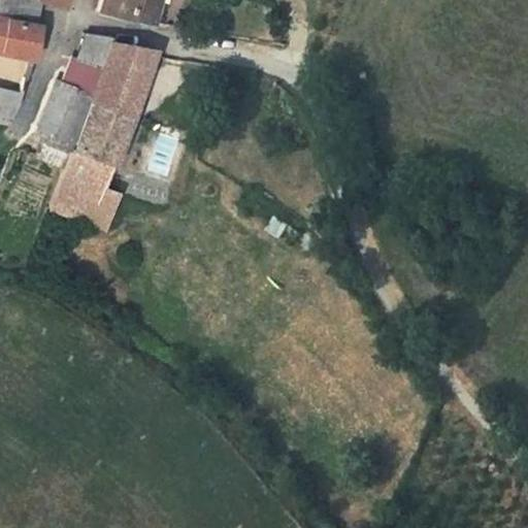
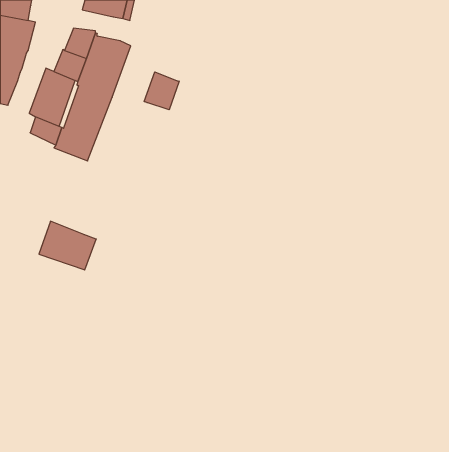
building: none -> [144,72,179,110]
building: [53,172,120,229] -> [39,221,96,270]

